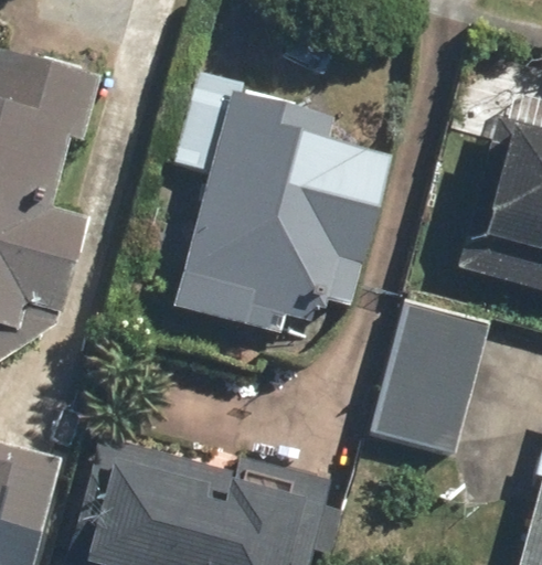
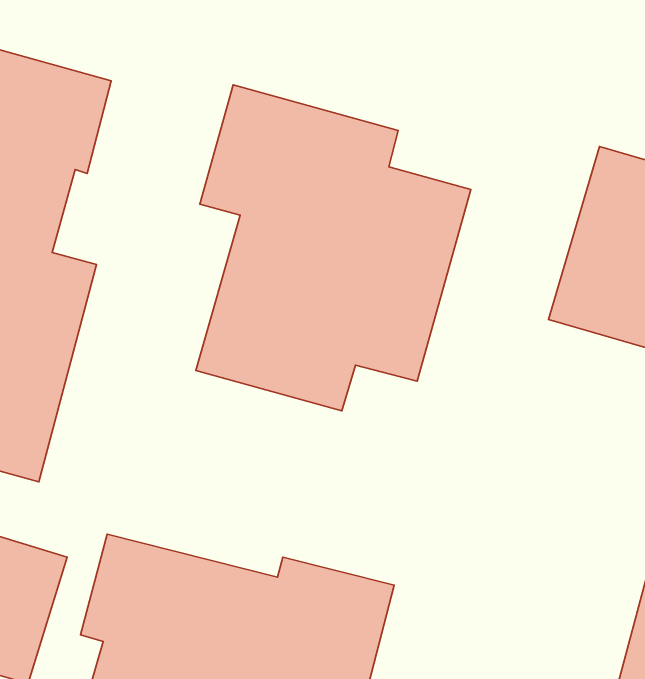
building: [364,296,495,463] -> none

